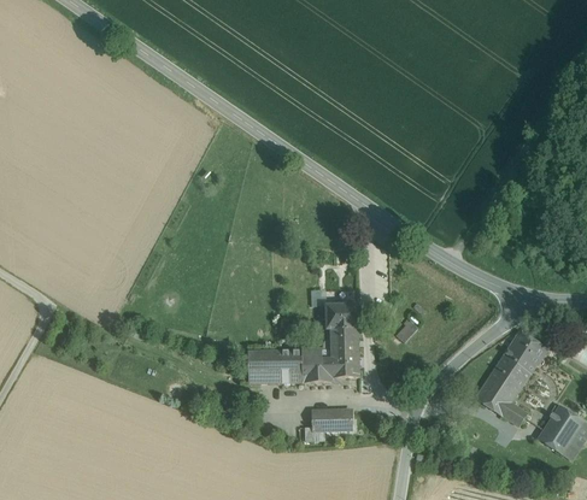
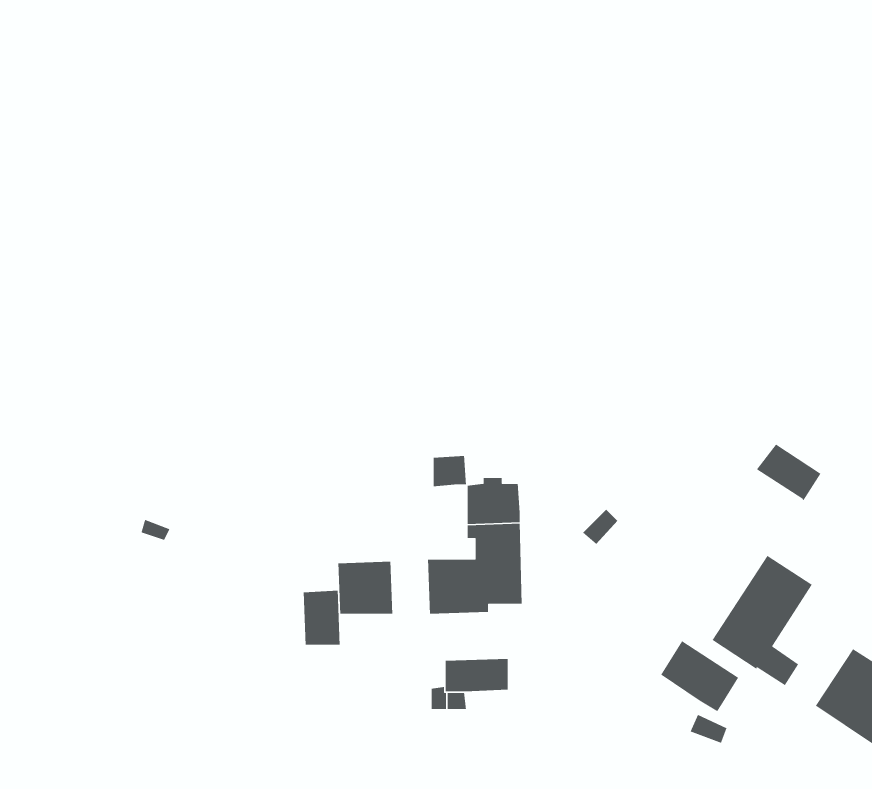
building: [507,330,547,365] -> [756,444,822,501]
building: [280,348,303,382] -> [303,590,341,645]
building: none -> [660,640,739,712]

